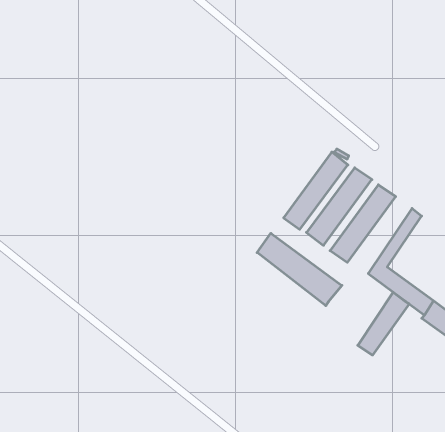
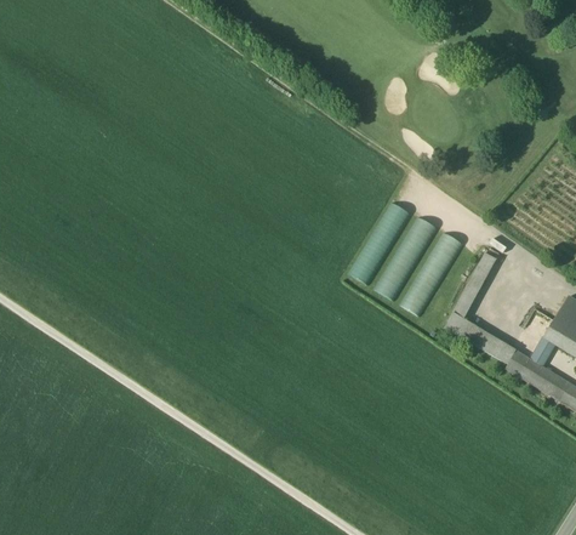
building: [257,233,342,306] -> none
building: [358,292,409,355] -> none

